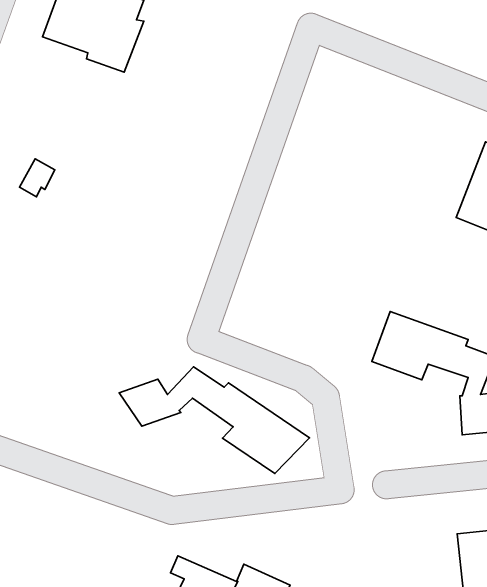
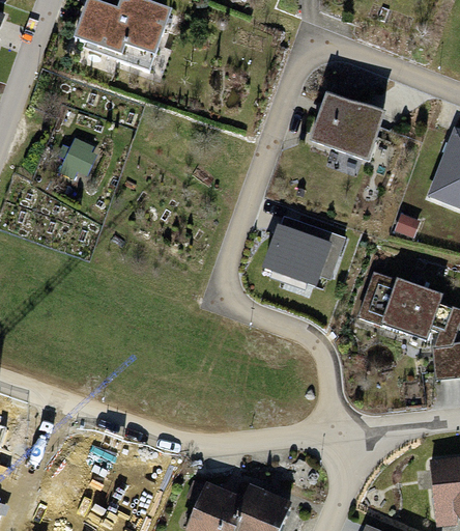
building: none -> [311,96,382,159]
building: none -> [264,228,344,285]
building: [119,367,310,473] -> none

